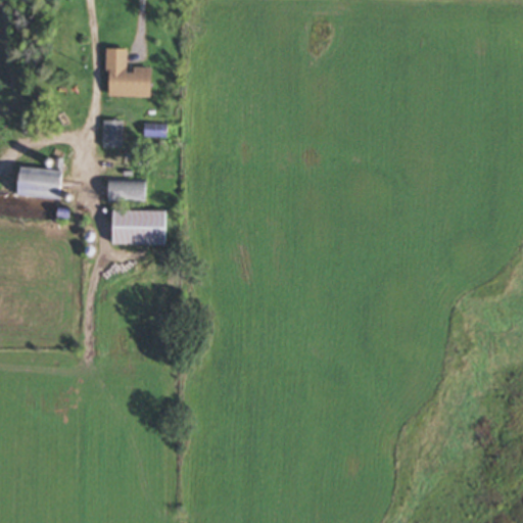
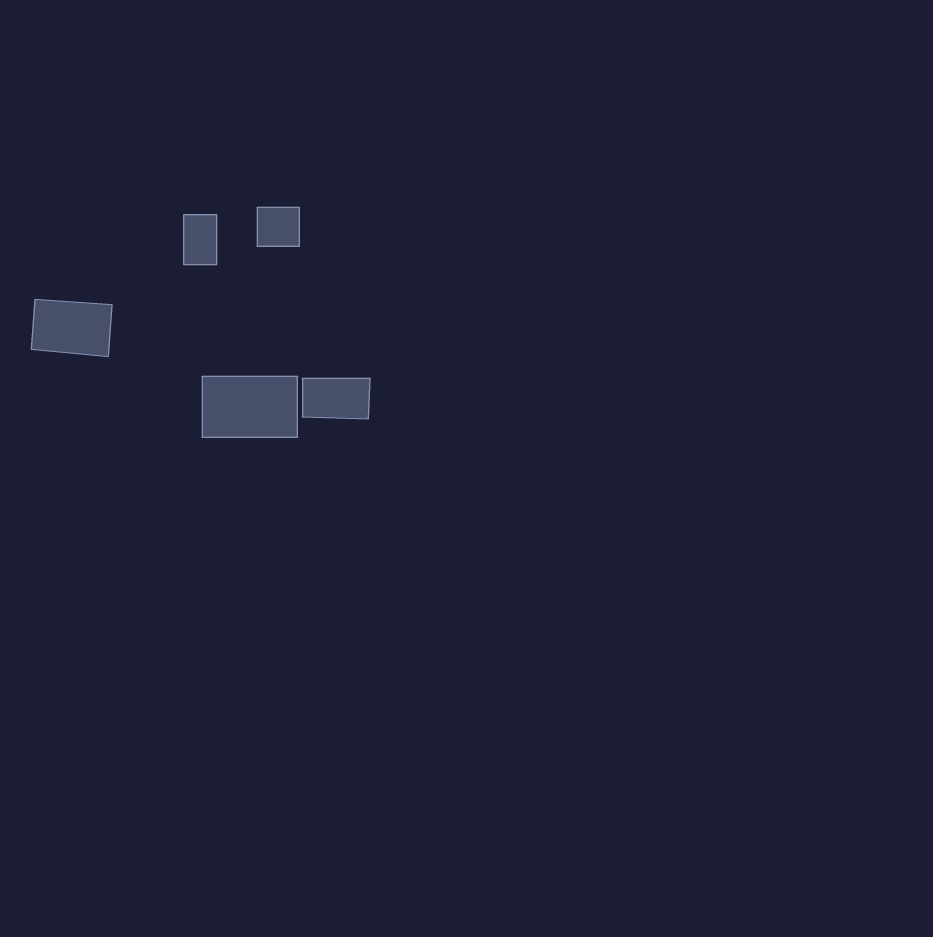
building: [106,48,150,96] -> none
building: [107,180,145,202] -> [302,378,370,419]

